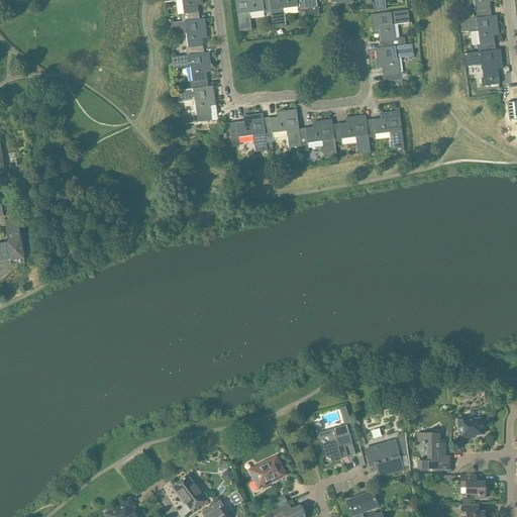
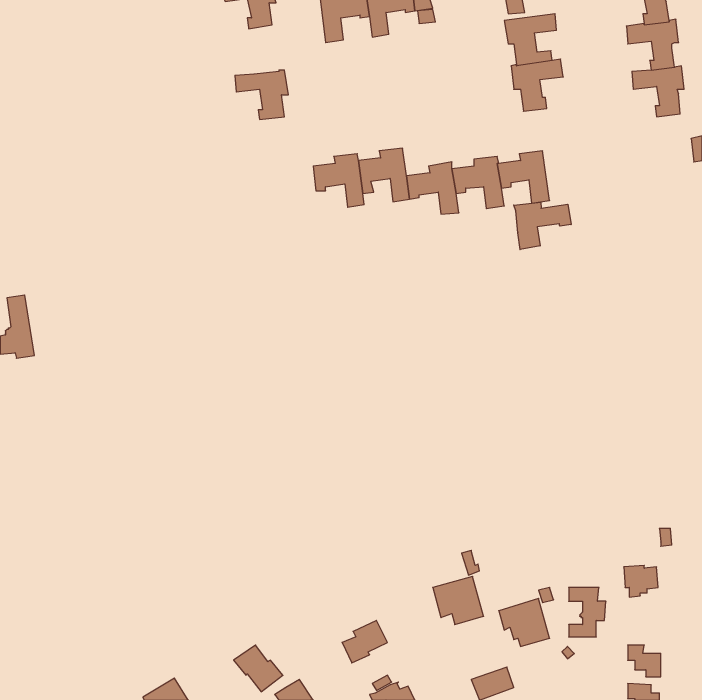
building: [169,17,207,55] -> none
building: [177,86,216,123] -> none
building: none -> [514,202,571,250]

